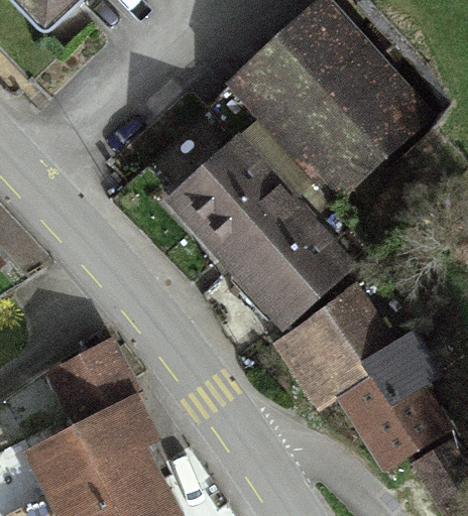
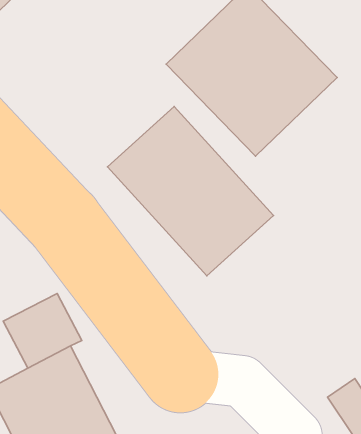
building: [277,292,447,468] -> none

